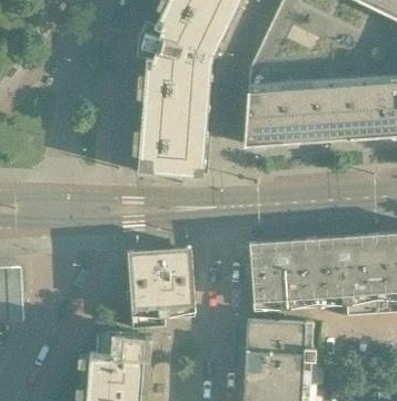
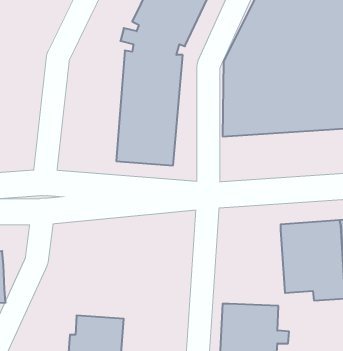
building: [250,238,312,313] -> none
building: [128,247,196,330] -> none

